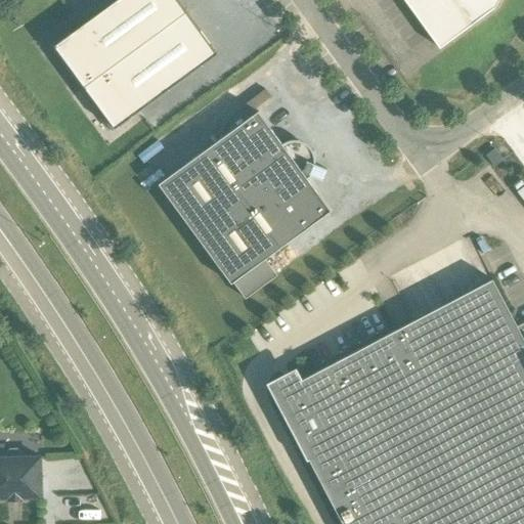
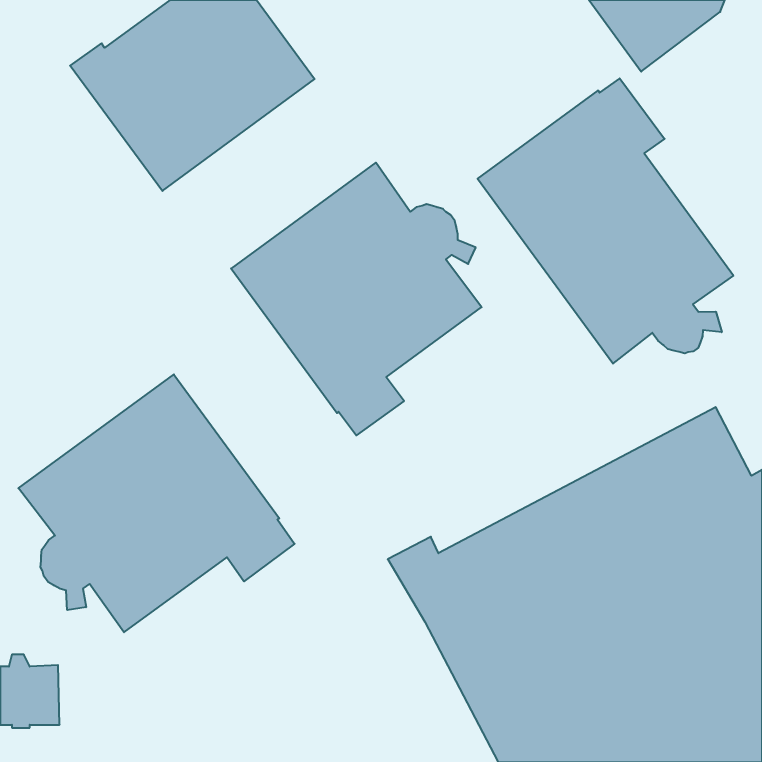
building: none -> [478,78,733,364]
building: none -> [18,374,295,632]

